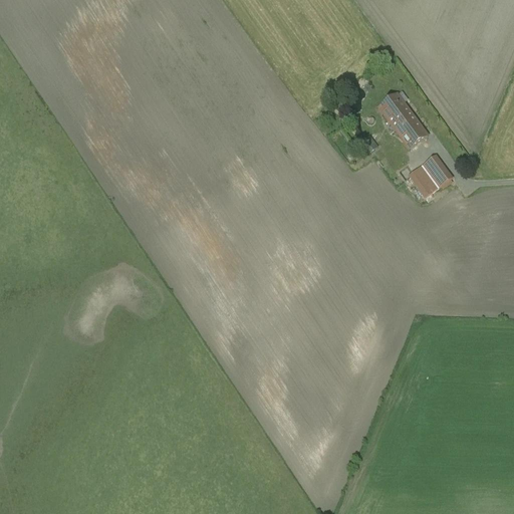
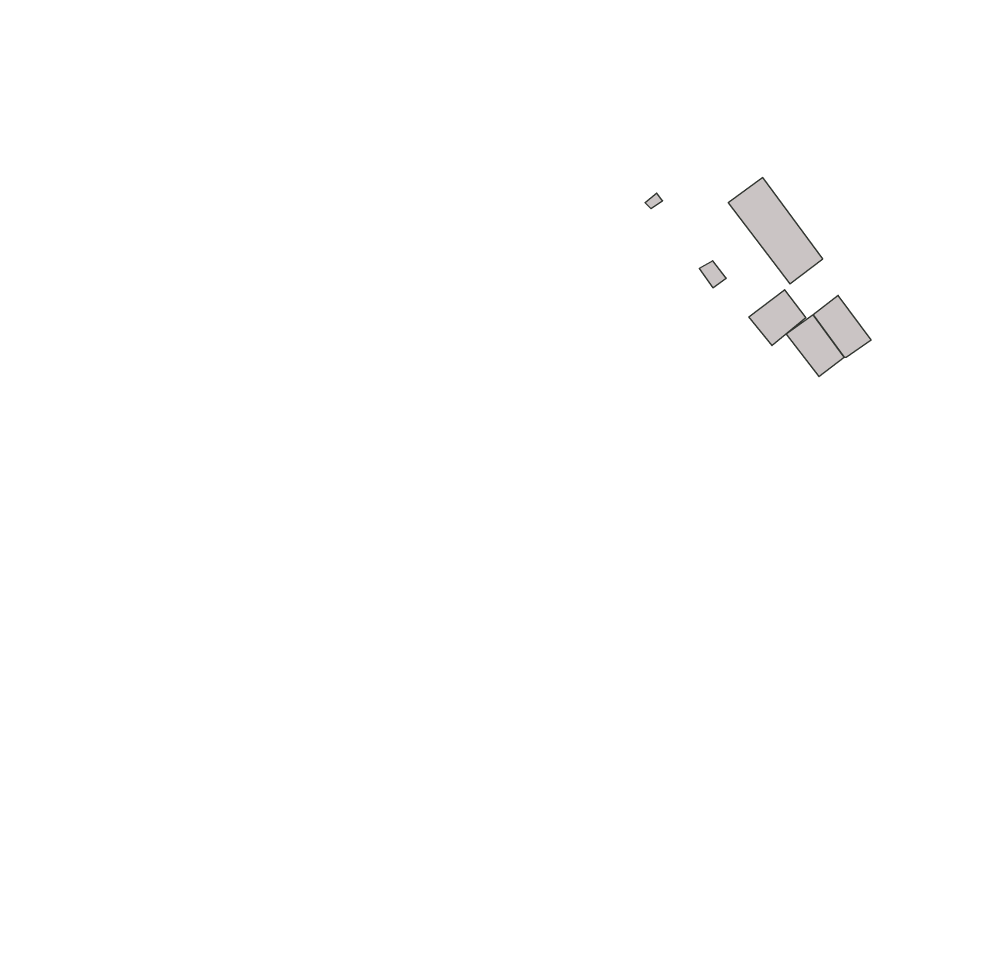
building: none -> [749,290,806,346]

